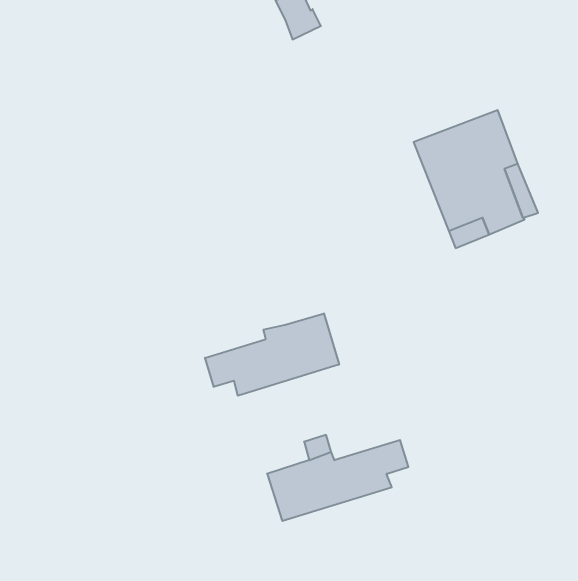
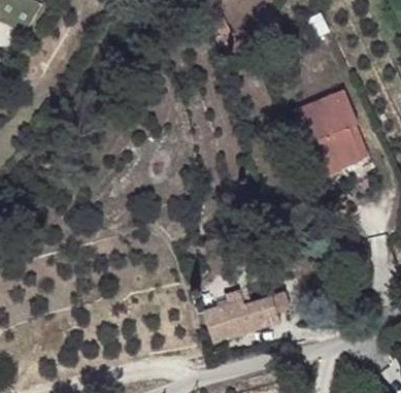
building: [205,313,339,396] -> none

